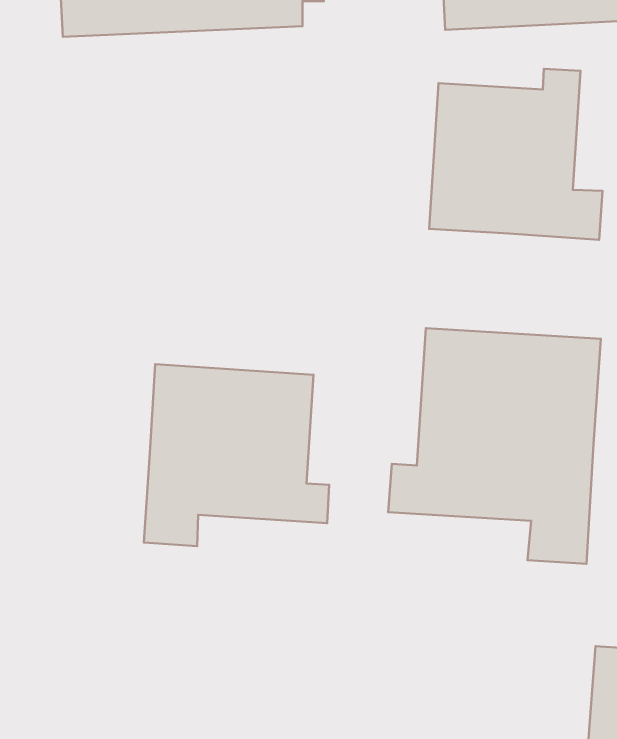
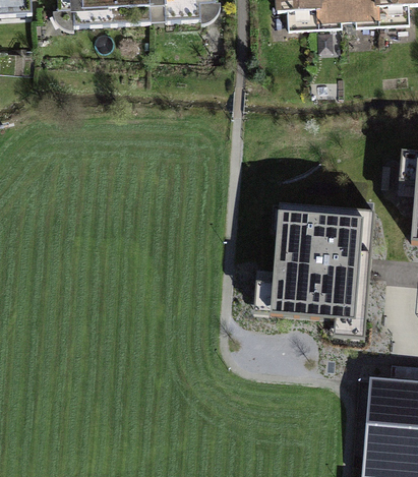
building: [429,69,603,240] -> none
building: [144,364,329,546] -> none

